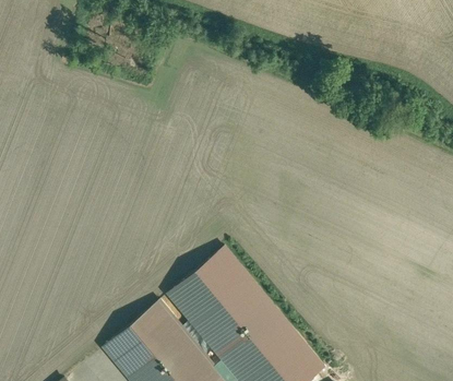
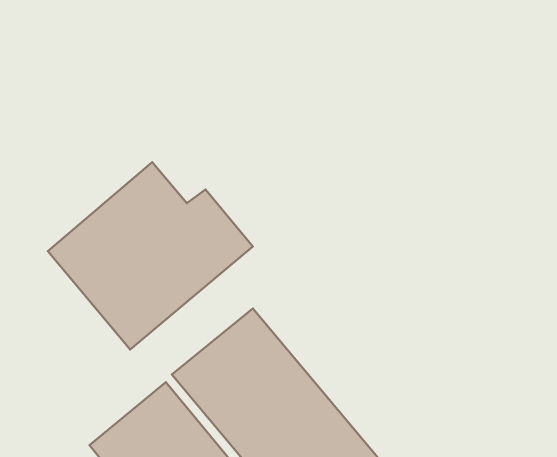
building: none -> [48,162,253,349]

